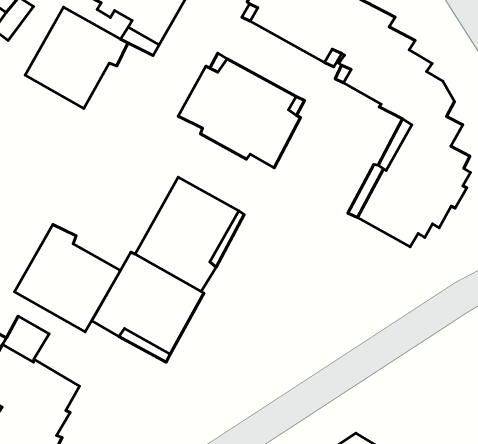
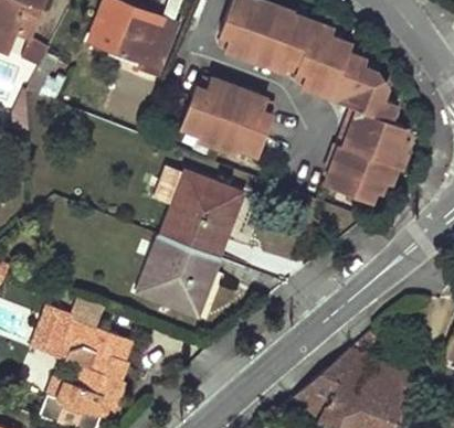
building: [25,7,128,109] -> none
building: [15,224,121,332] -> none

